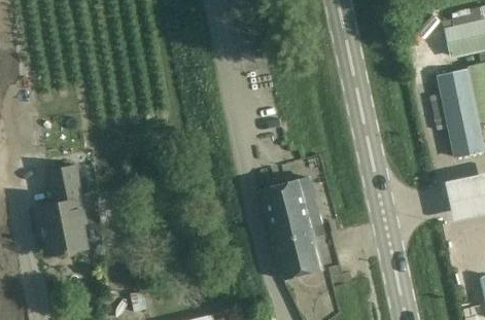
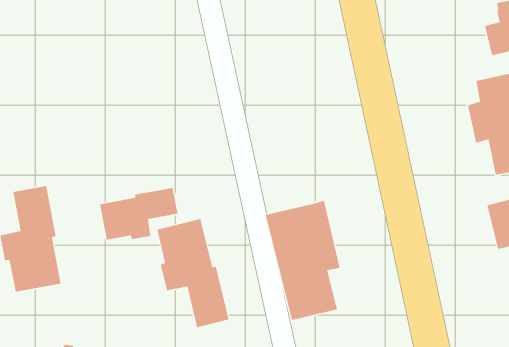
building: none -> [99,187,178,240]
building: none -> [156,218,229,328]

